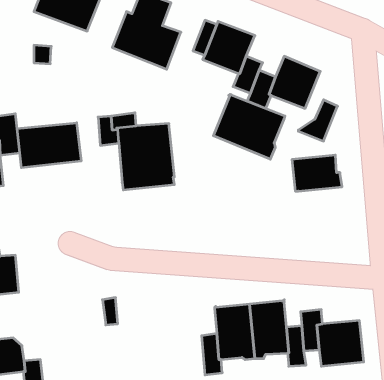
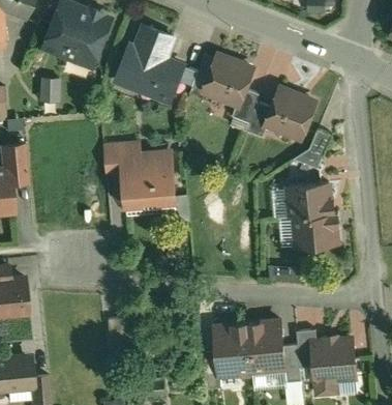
building: [213,94,285,159] -> none
building: [17,123,81,168] -> none
building: none -> [294,212,339,248]

